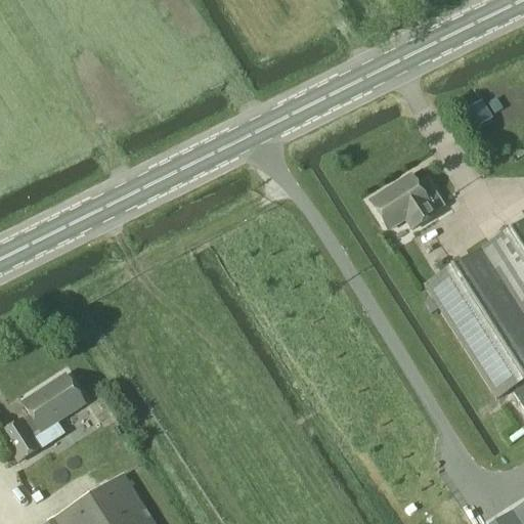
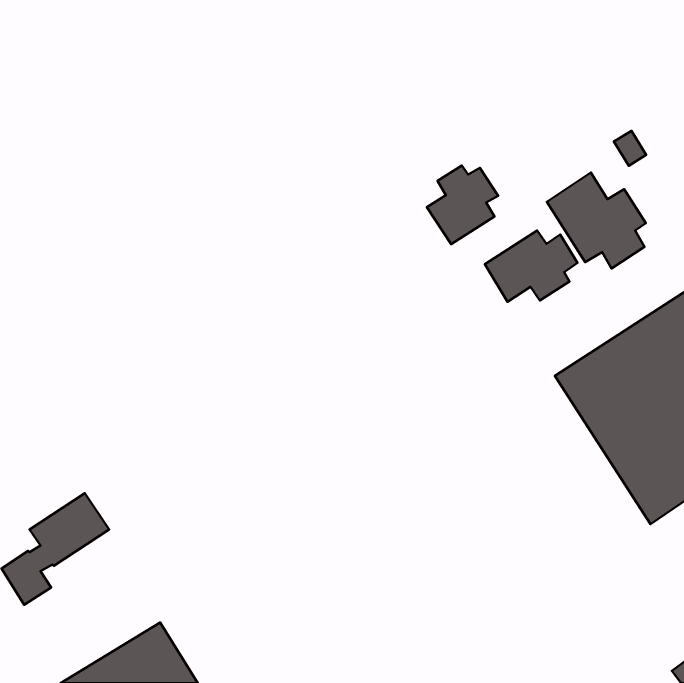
building: none -> [427,165,498,244]
building: none -> [547,173,646,269]

